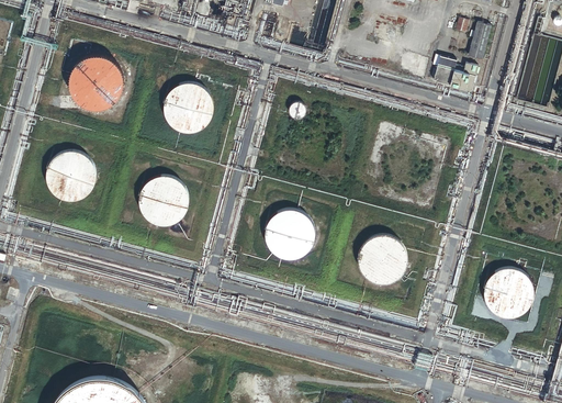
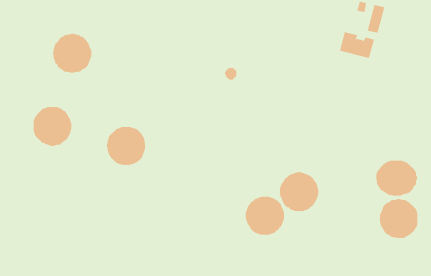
building: [164,83,214,133] -> none
building: [263,209,314,258] -> [245,196,285,235]
building: none -> [376,160,418,197]

